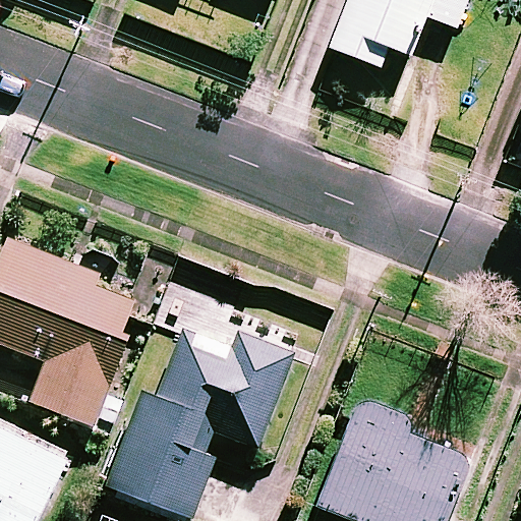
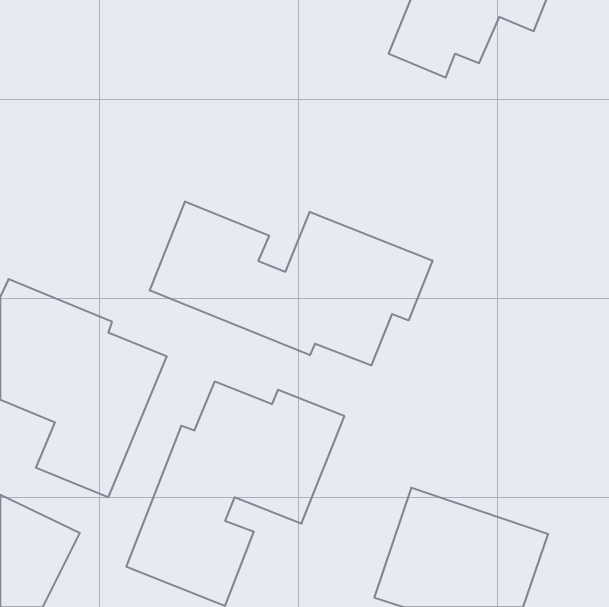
building: none -> [150,201,433,365]

